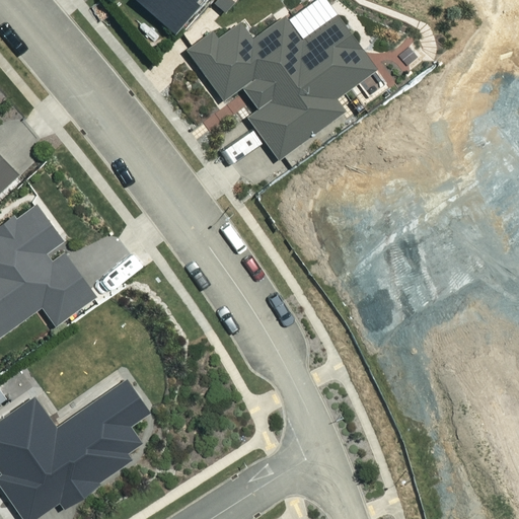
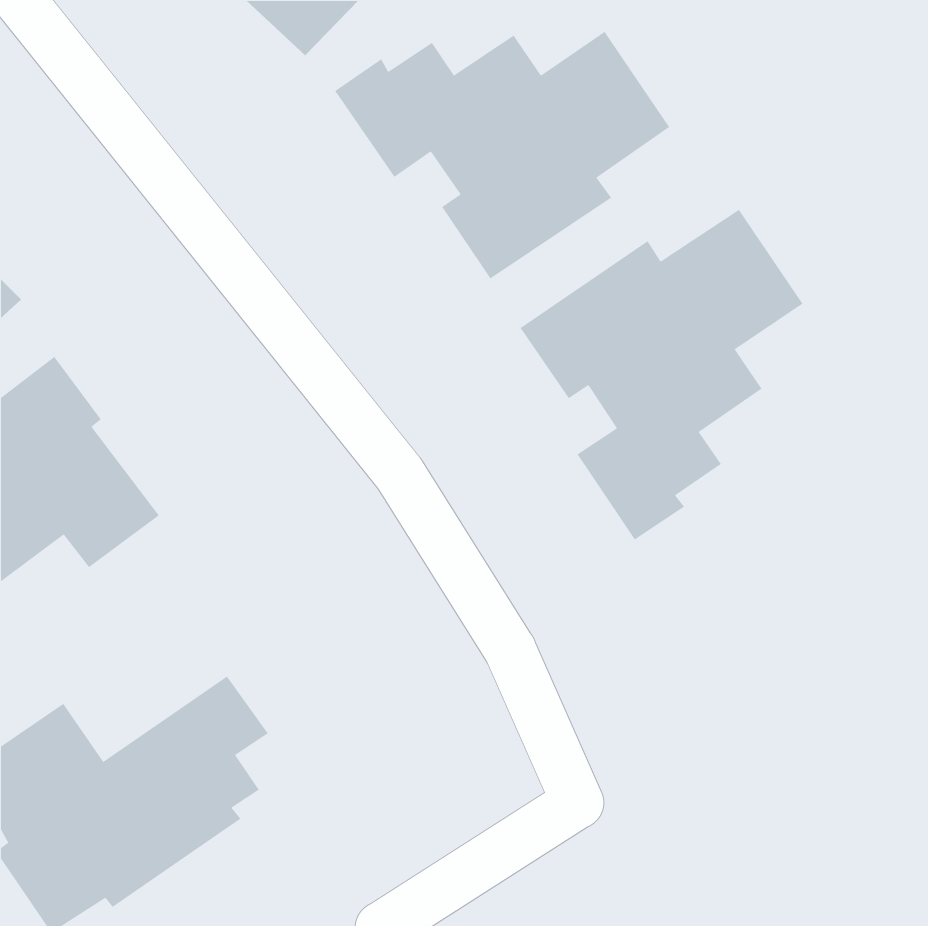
building: none -> [520,209,804,541]

